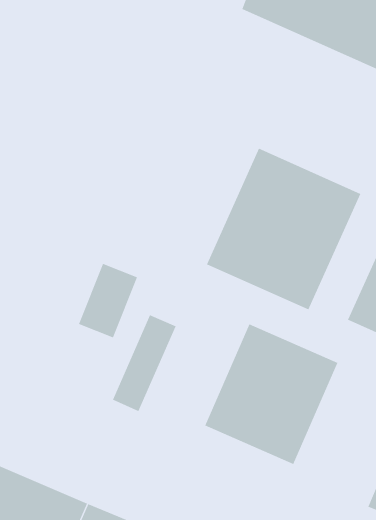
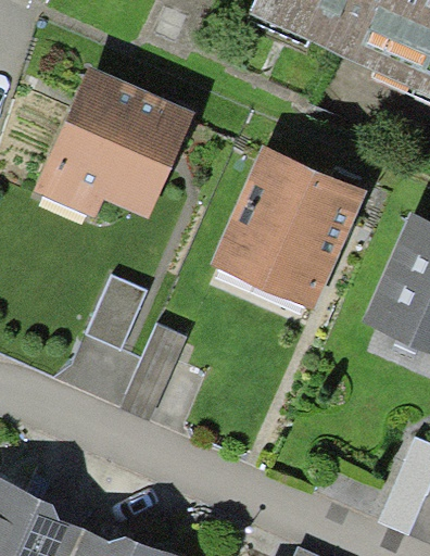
building: none -> [34,73,194,228]
building: [204,323,338,465] -> none

